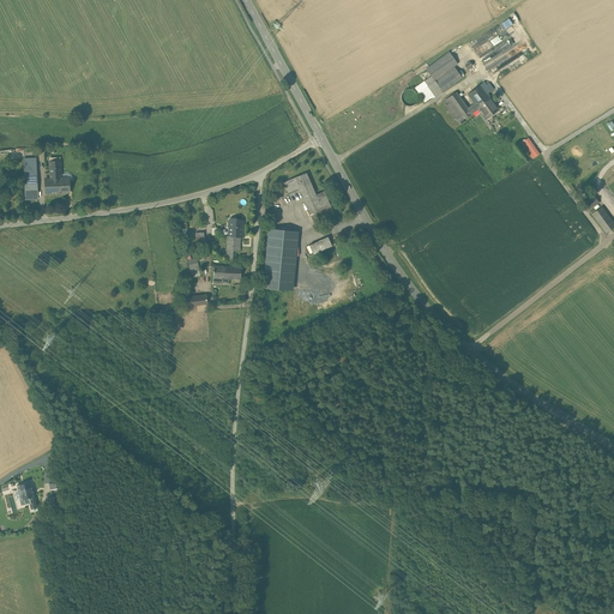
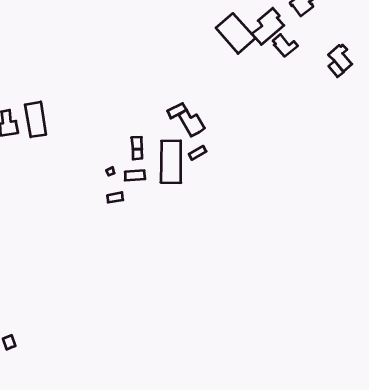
building: none -> [216,13,256,54]
building: [468,83,500,121] -> [328,45,352,72]
building: none -> [25,102,46,137]

